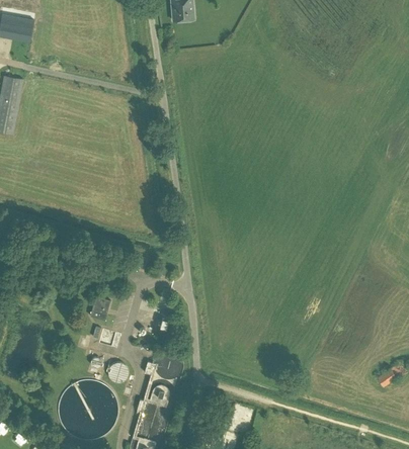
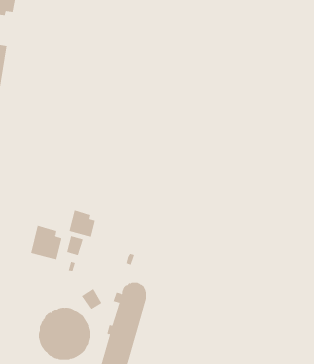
building: none -> [69,210,95,237]
building: none -> [30,225,62,260]

